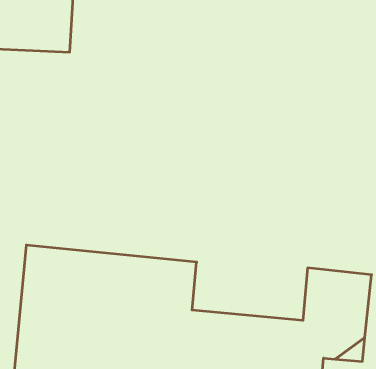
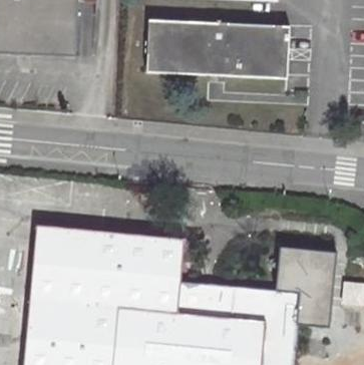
building: none -> [146,19,291,76]

